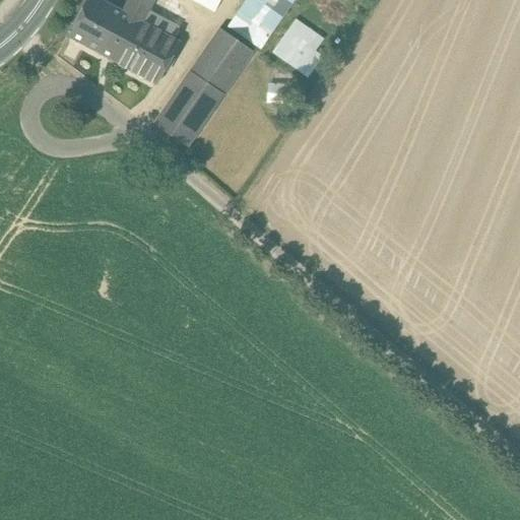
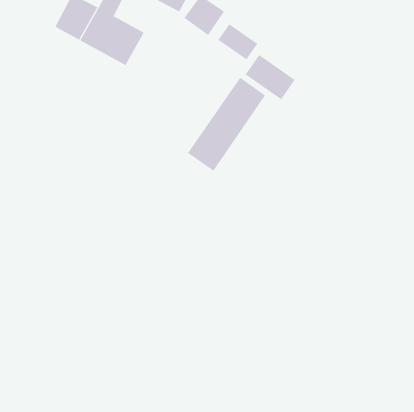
building: [155,25,254,144] -> [187,77,266,172]
building: none -> [245,54,296,100]

